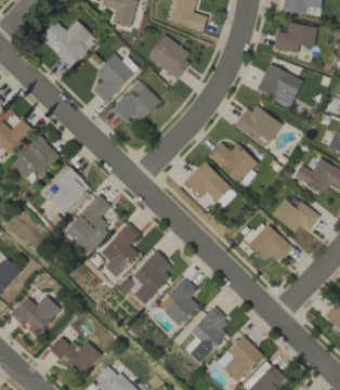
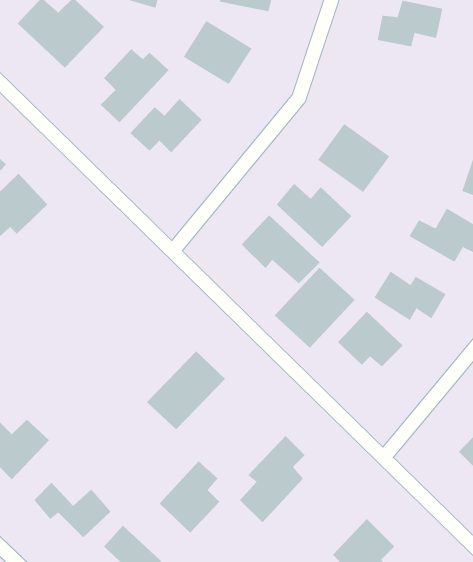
building: [257,64,302,105] -> none
building: [49,166,90,212] -> none
building: [65,194,112,255] -> none
building: none -> [274,267,355,349]
building: [100,222,139,277] -> none
building: [158,277,198,325] -> [159,460,220,533]
building: [217,335,263,381] -> none

